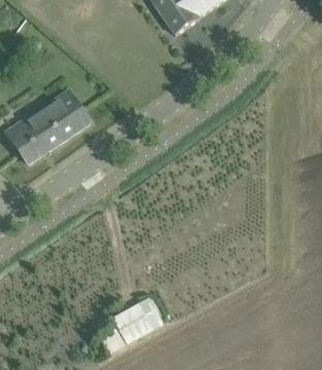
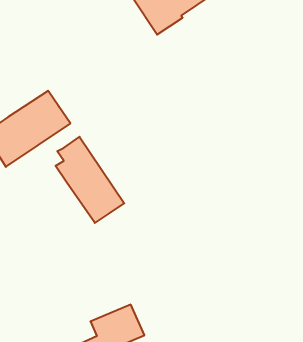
building: none -> [56,137,124,223]

